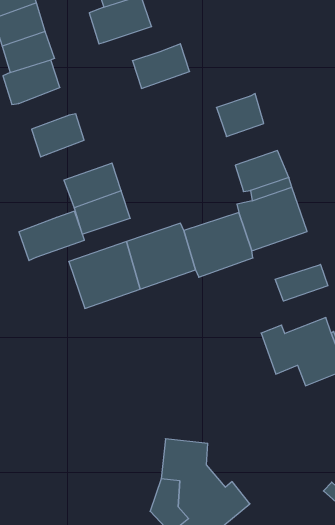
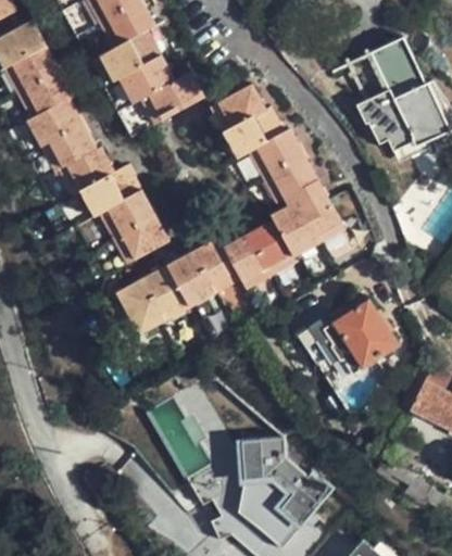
building: none -> [116,54,172,100]
building: none -> [211,79,265,127]
building: none -> [45,127,95,174]
building: none -> [249,127,300,174]
building: [19,211,84,261] -> [79,165,143,219]
building: [275,264,328,301] -> none

